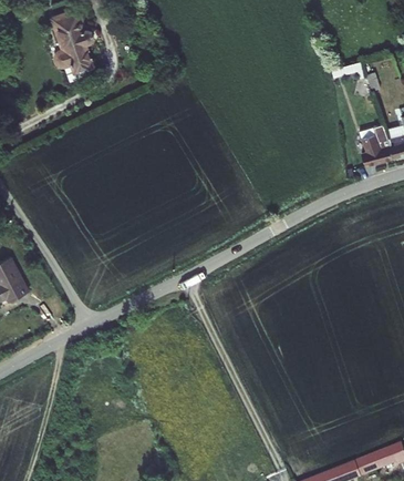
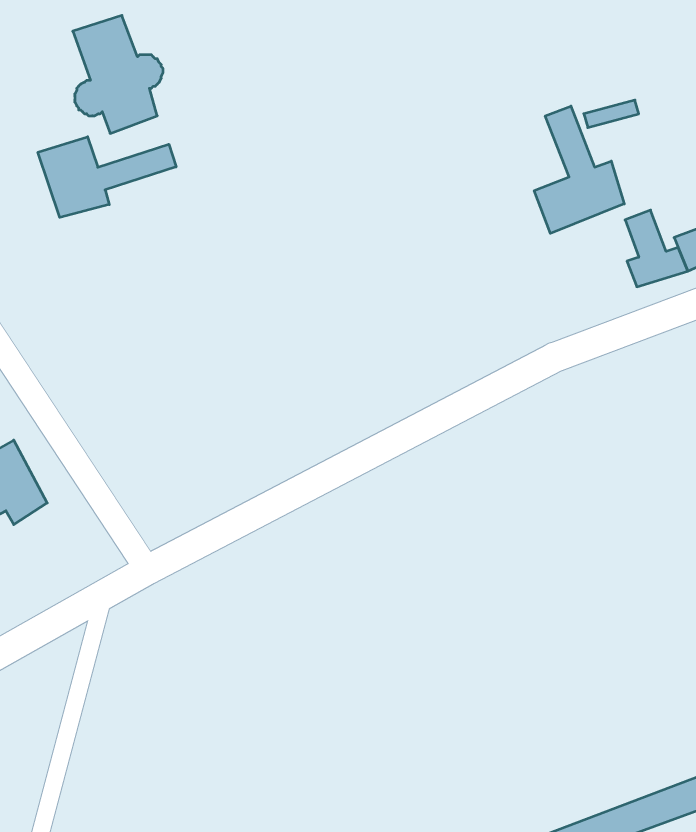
building: none -> [534,106,624,233]
building: none -> [38,137,176,217]

